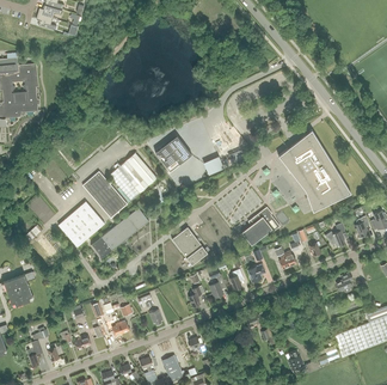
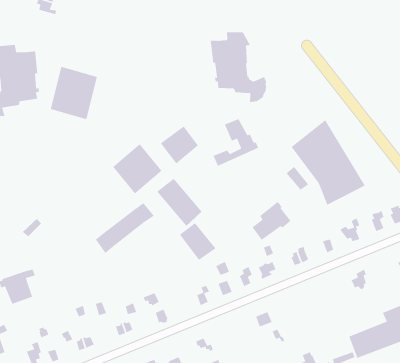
building: none -> [210,31,267,103]
building: none -> [50,66,98,120]
building: [82,171,127,218] -> [156,178,203,227]
building: [59,201,105,246] -> none

